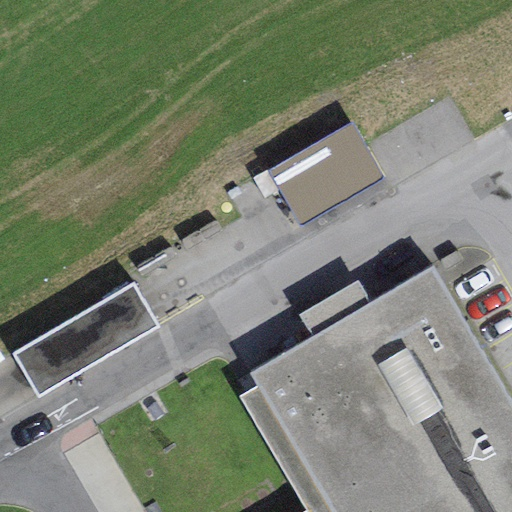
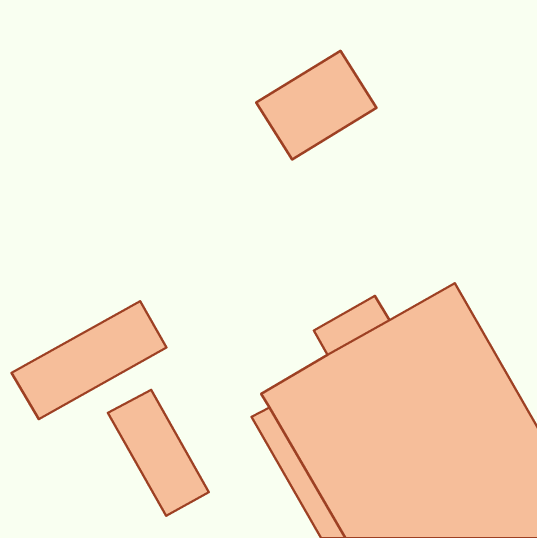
building: [276,112,390,215] -> [256,51,376,159]
building: none -> [108,390,209,516]

